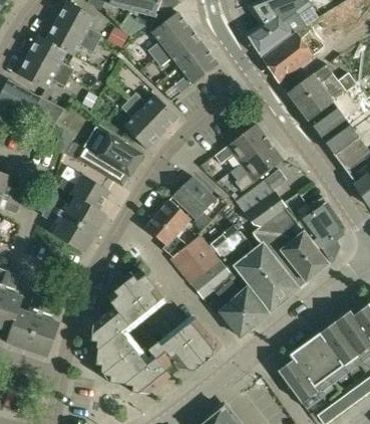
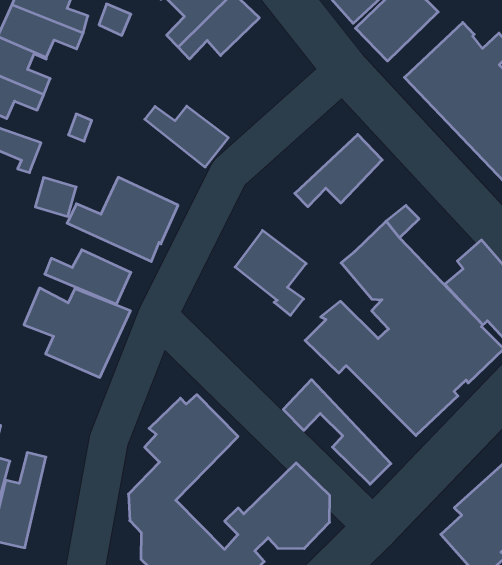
building: [174,46,219,92] -> none
building: [121,99,162,149] -> none
building: [227,141,284,200] -> none
building: [146,200,222,284] -> none
building: [218,268,268,325] -> none
building: [27,296,60,357] -> none

